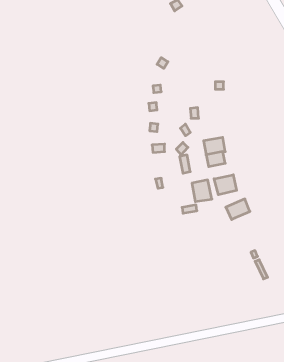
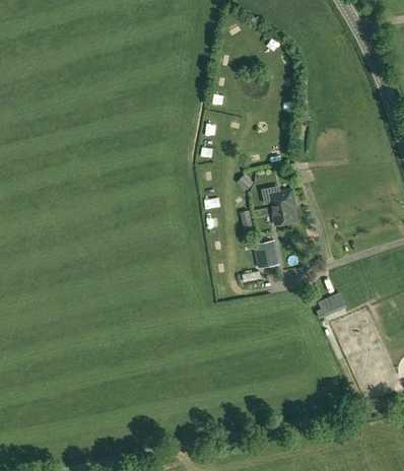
building: [214,175,237,195] -> none
building: [226,199,250,220] -> [318,291,347,317]

